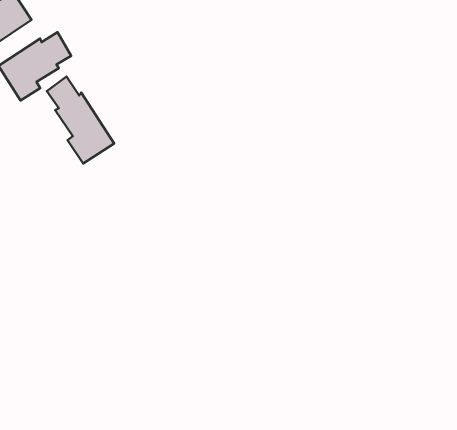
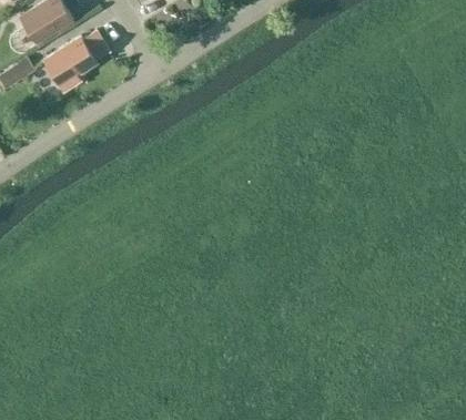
building: [47,76,114,164] -> none

